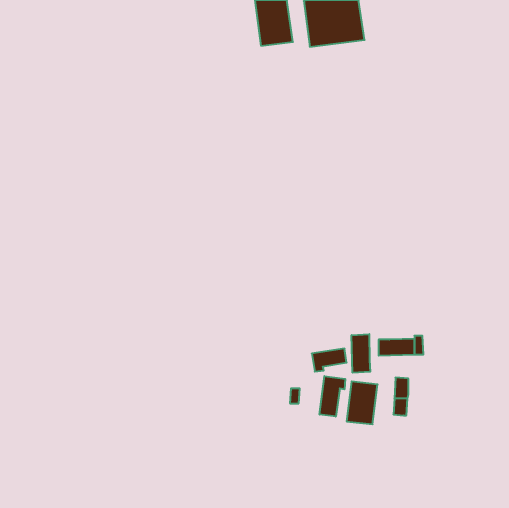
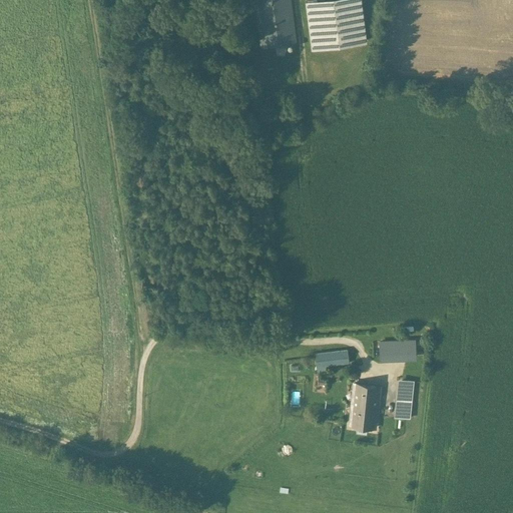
building: [352,334,370,373] -> none
building: [320,376,345,417] -> none

